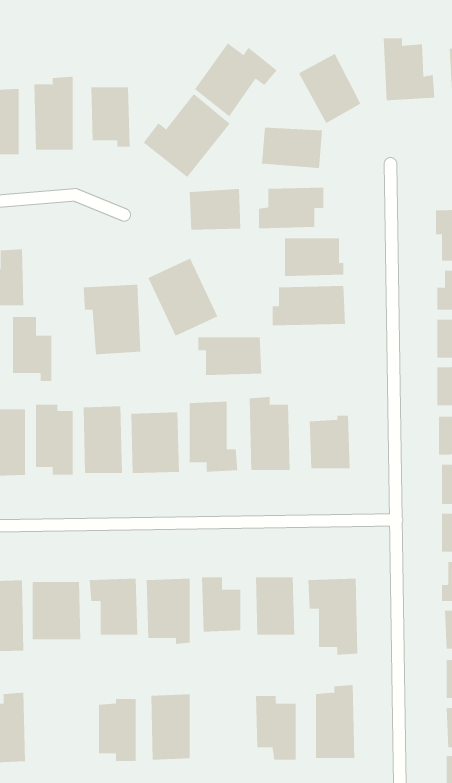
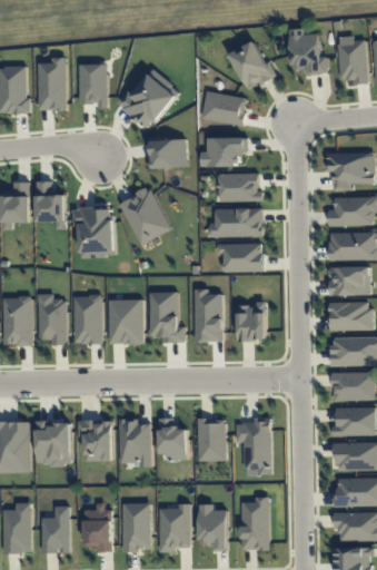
building: [194,42,278,117] -> none
building: [12,317,52,381] -> [36,181,65,228]
building: [197,337,262,375] -> [216,244,262,272]
building: none -> [158,504,190,550]
building: none -> [41,507,69,553]

